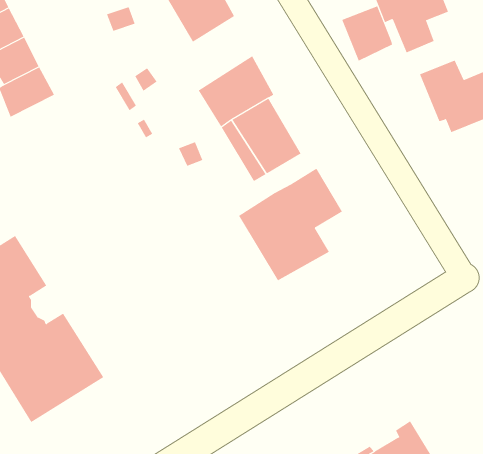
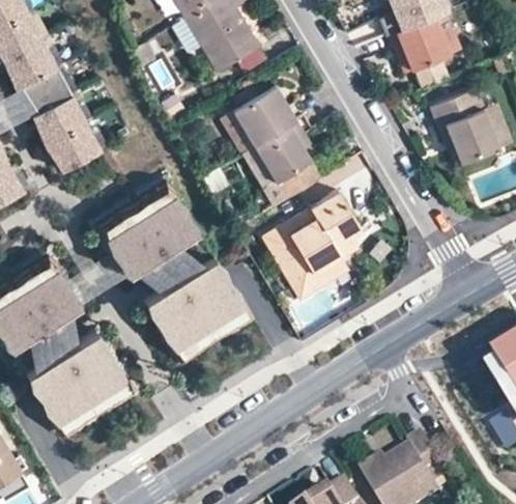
building: [341,6,393,61] -> none
building: none -> [42,121,99,170]
building: none -> [95,180,250,359]

